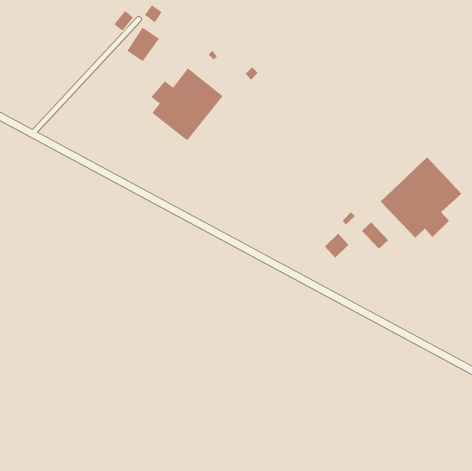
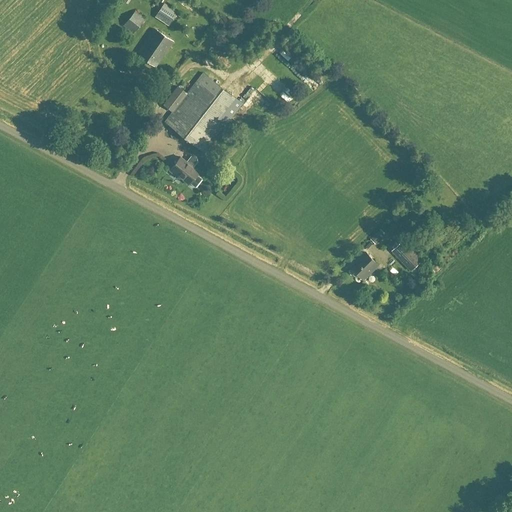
building: none -> [168,156,200,187]
building: [380,157,462,239] -> none

